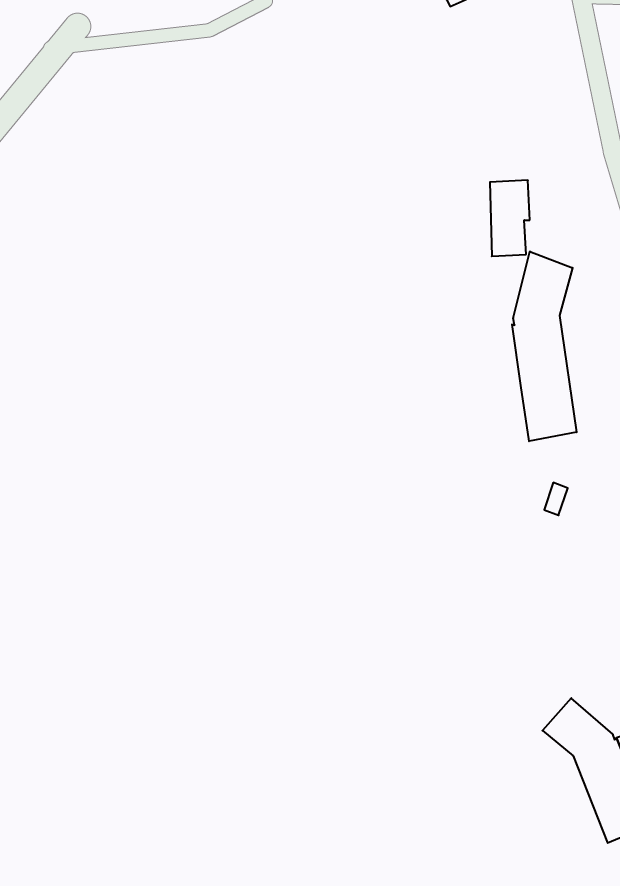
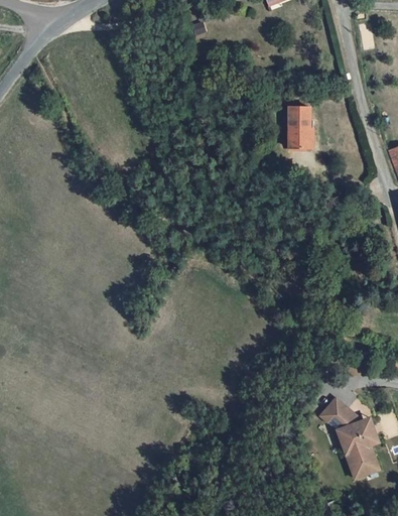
building: [512,251,577,441] -> none

